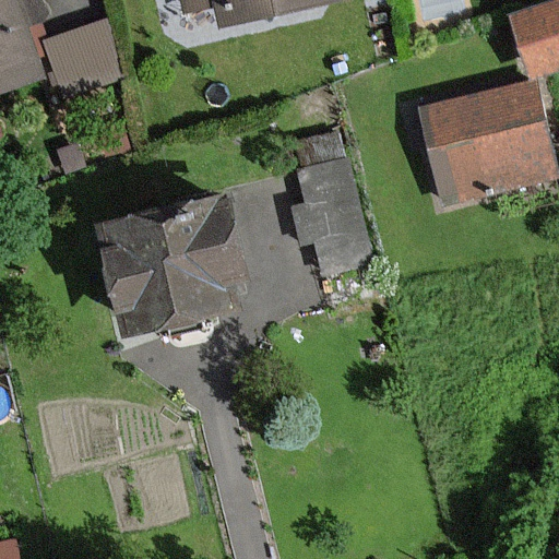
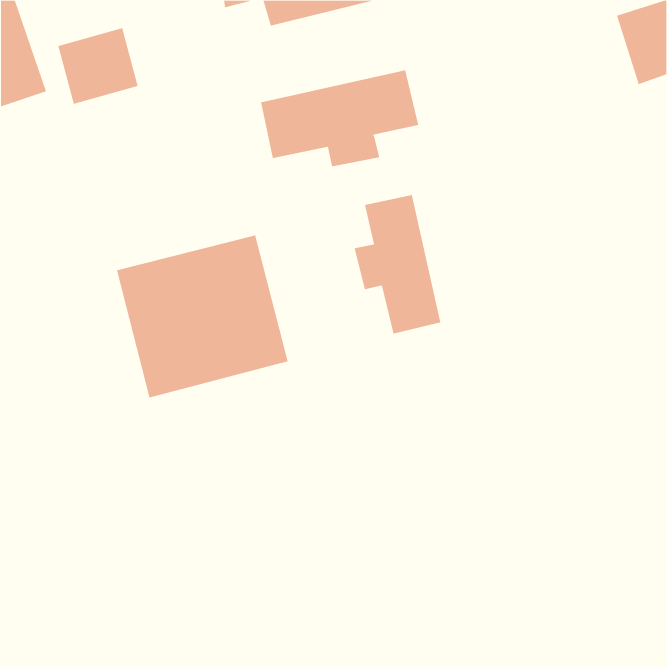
building: none -> [261,69,419,167]
building: [424,86,551,192] -> none

